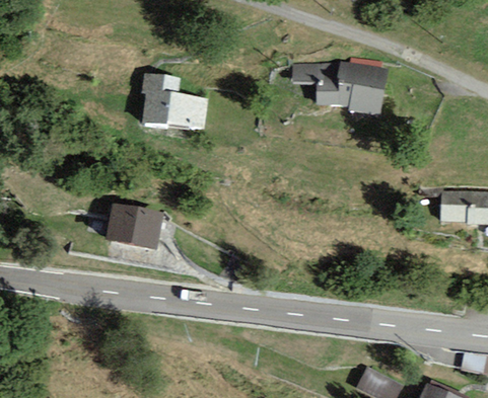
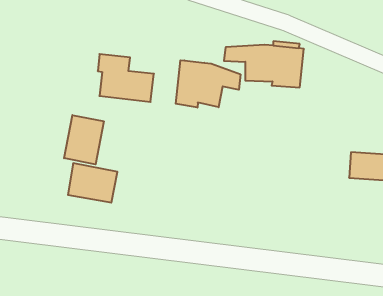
building: none -> [176,60,240,108]
building: none -> [64,115,104,164]

